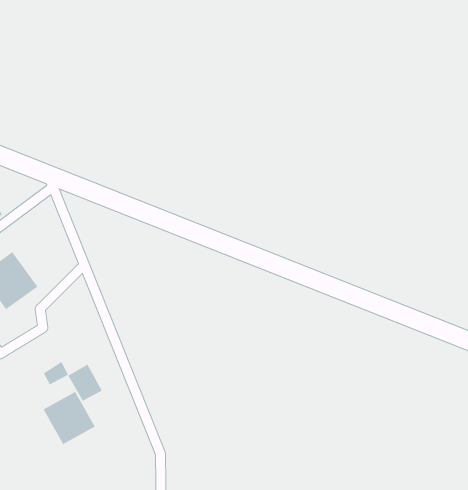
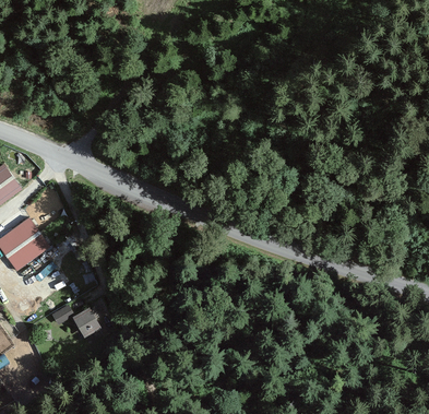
building: [42,391,96,445] -> none

